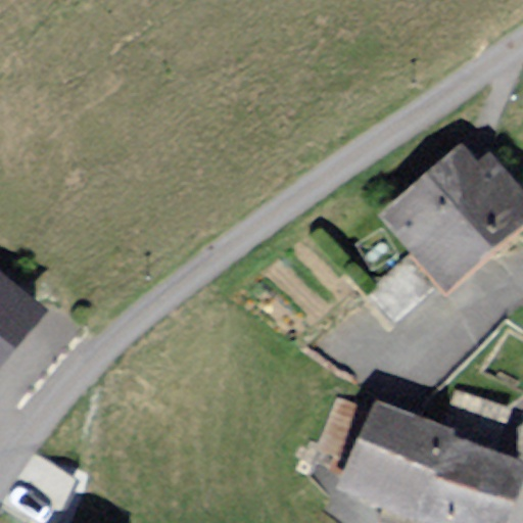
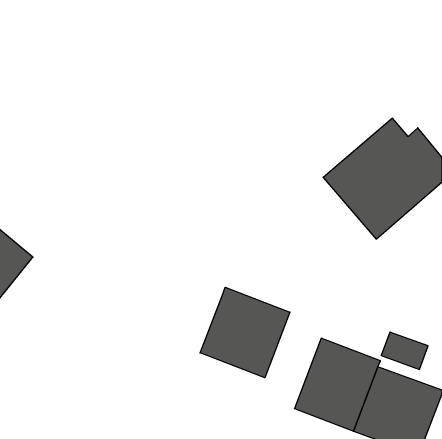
building: none -> [200,287,290,378]

